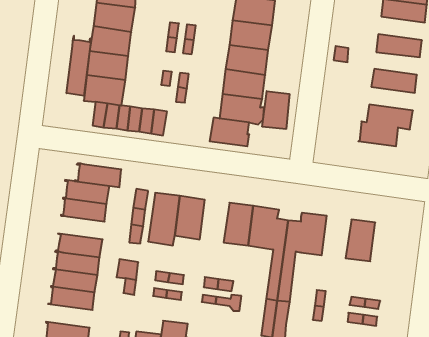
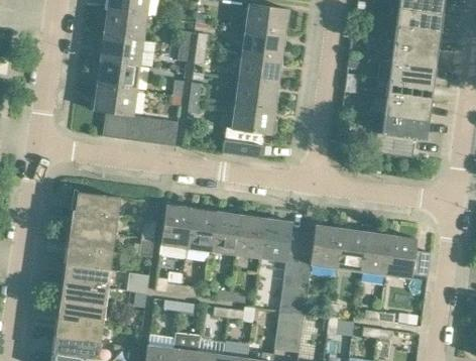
building: none -> [393,24,441,48]
building: [67,36,91,96] -> none
building: none -> [389,61,436,84]
building: none -> [384,96,431,120]
building: [262,91,289,129] -> none
building: [75,163,121,187] -> [68,227,115,251]
building: none -> [212,211,242,254]
building: none -> [336,227,366,270]
building: none -> [385,234,431,277]
building: none -> [55,317,103,341]

